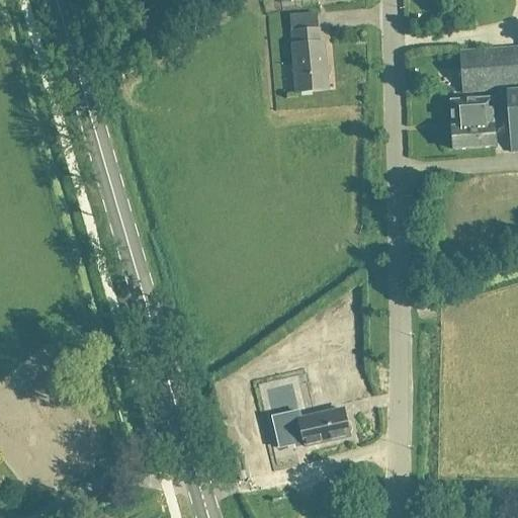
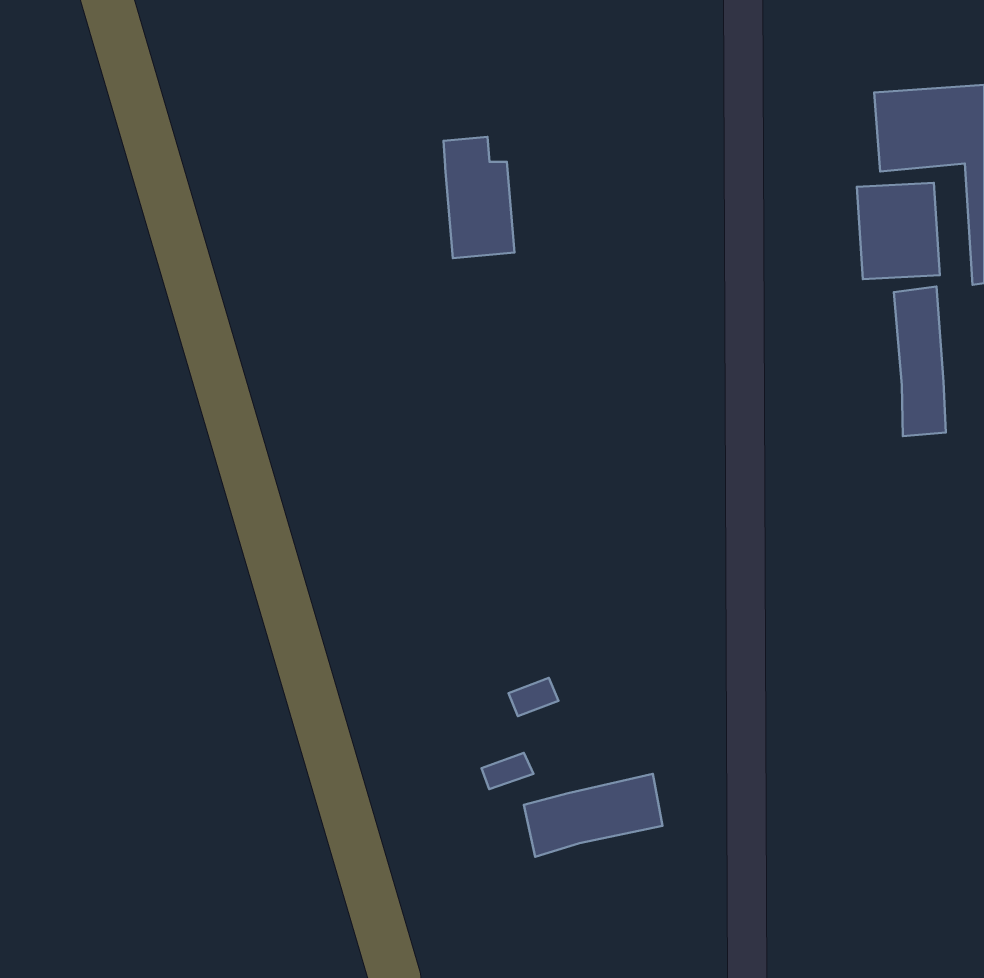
building: [290,26,328,90] -> [443,137,515,258]
building: none -> [894,286,946,436]

